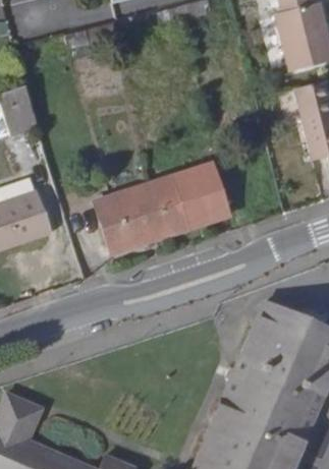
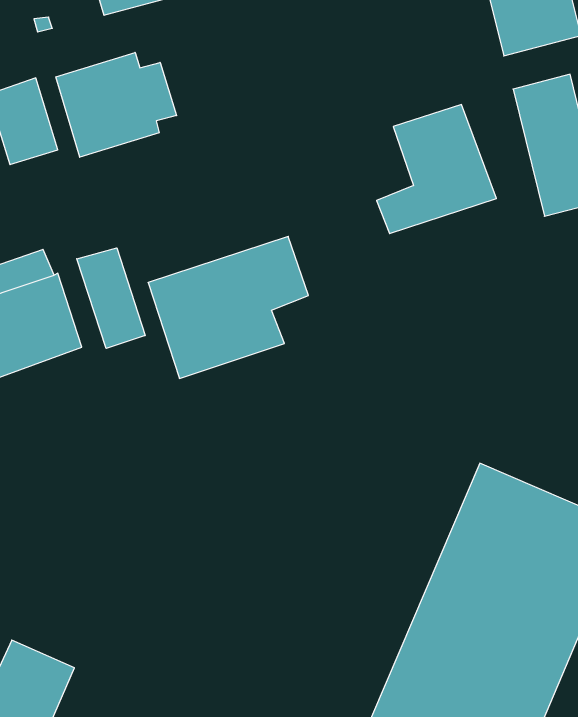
building: none -> [56,52,177,157]
building: [157,161,223,232] -> [377,105,496,234]
building: none -> [77,248,145,348]

